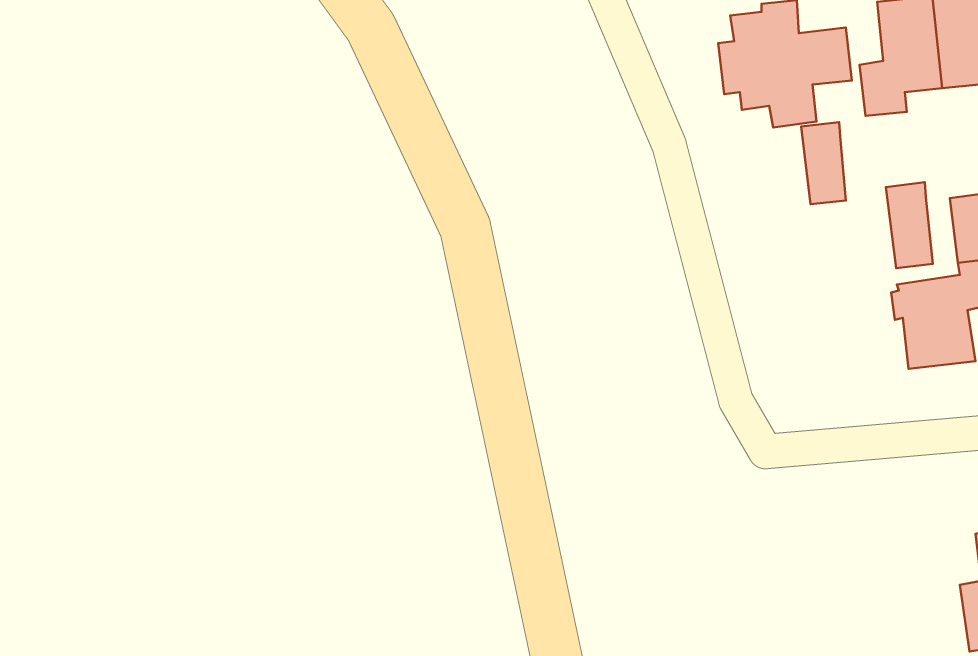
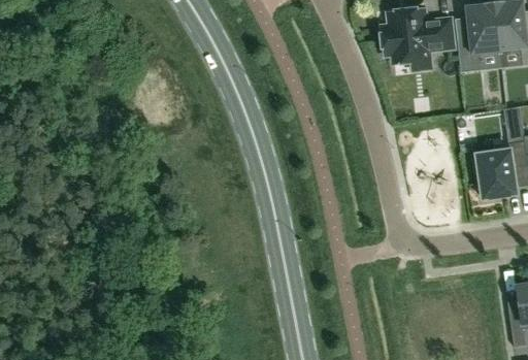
building: [801,122,846,204] -> none
building: [886,182,933,268] -> none

